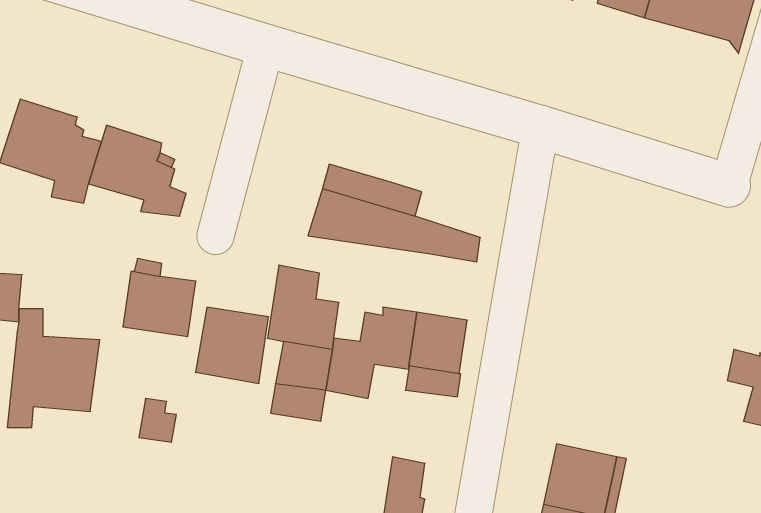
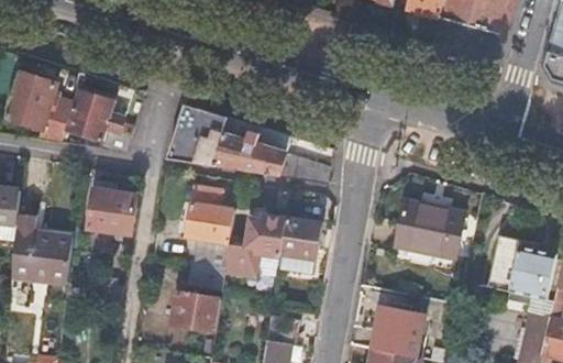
building: none -> [176,108,221,162]
building: none -> [395,199,462,257]
building: [195,307,269,384] -> [170,293,220,344]

